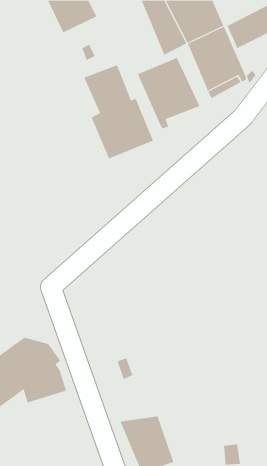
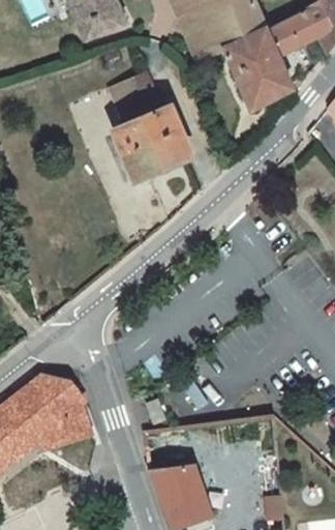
building: [137,57,200,129] -> none

